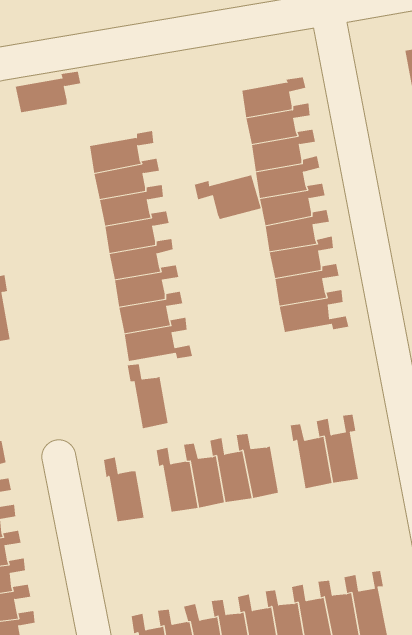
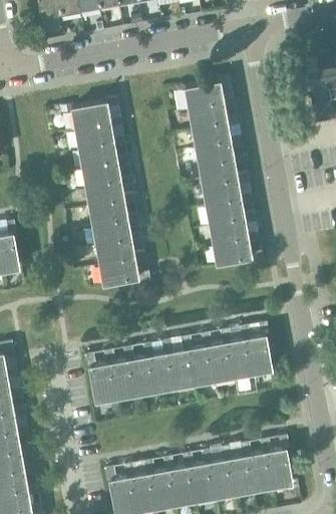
building: [15,71,81,113] -> [70,101,118,132]
building: [194,174,261,220] -> none
building: [127,364,168,429] -> [103,354,133,402]
building: none -> [200,336,231,383]

